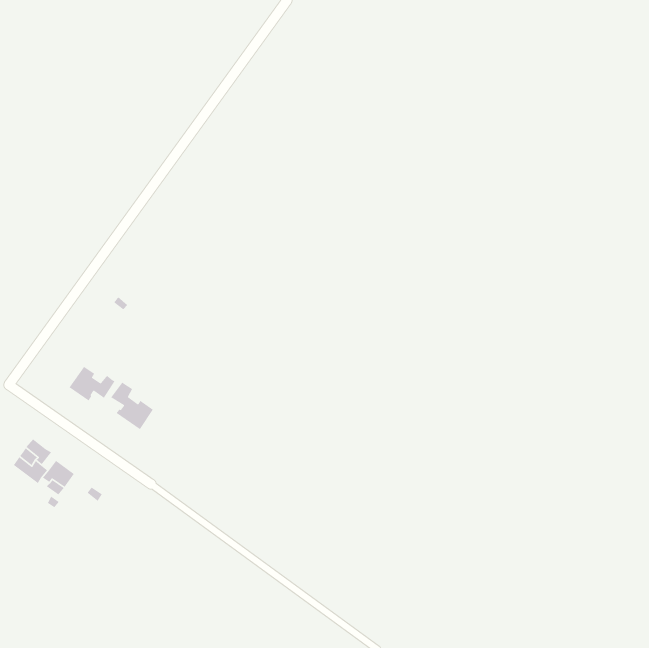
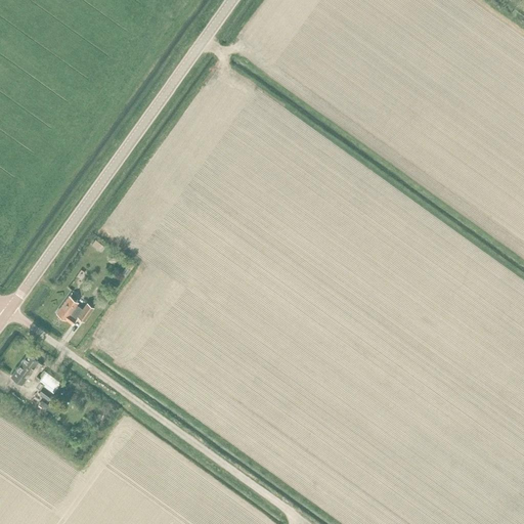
building: [110,381,154,430] -> none

